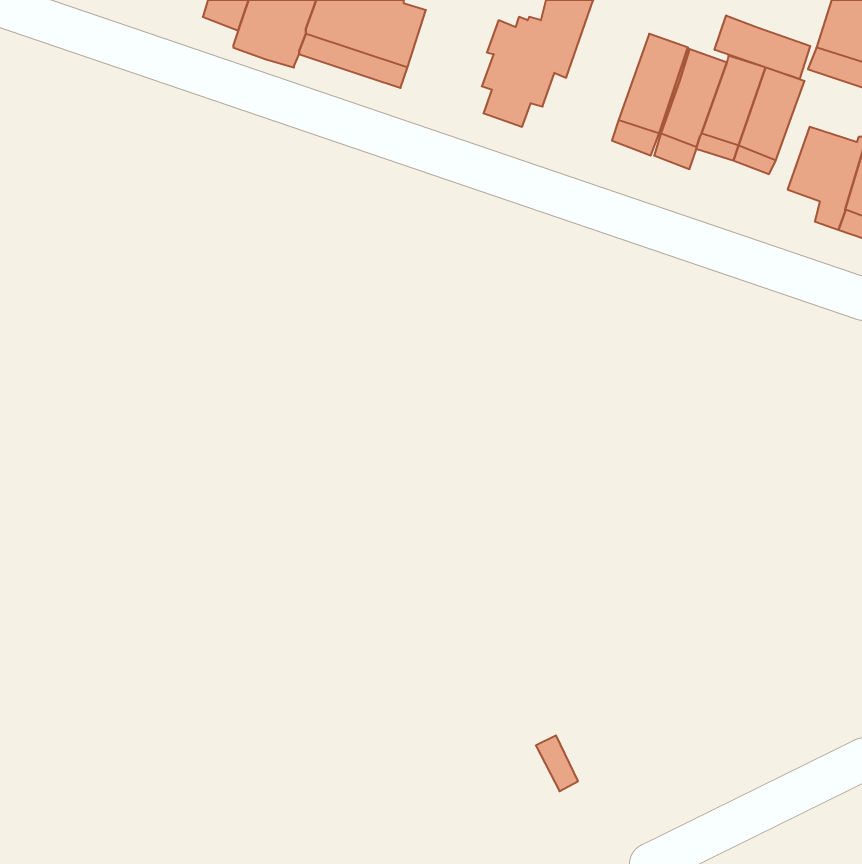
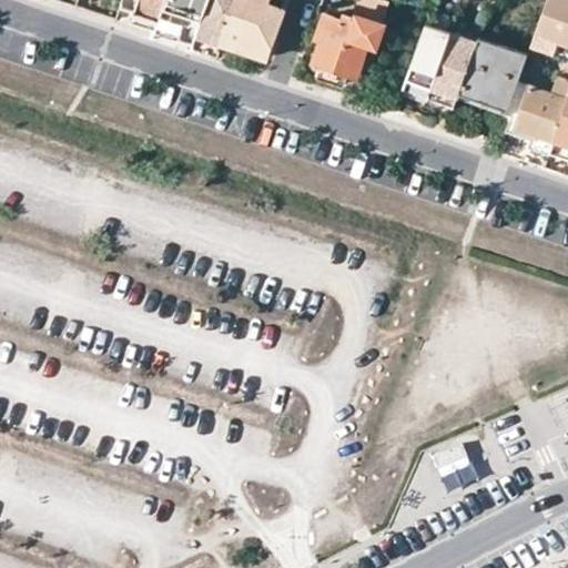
building: [715,15,810,79] -> none

